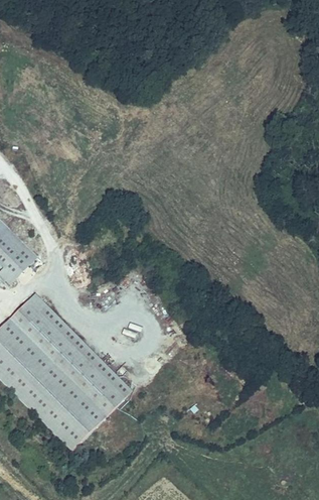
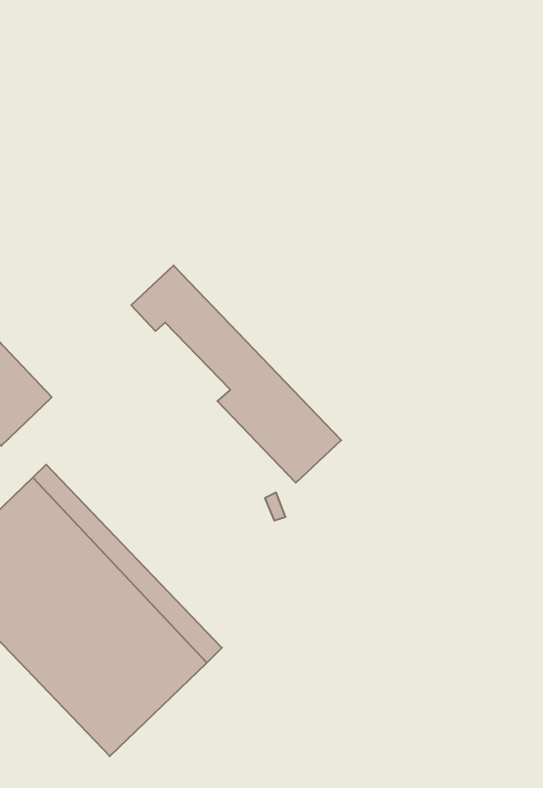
building: none -> [131,265,341,483]

